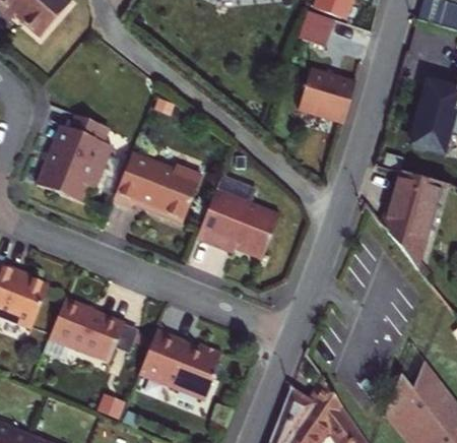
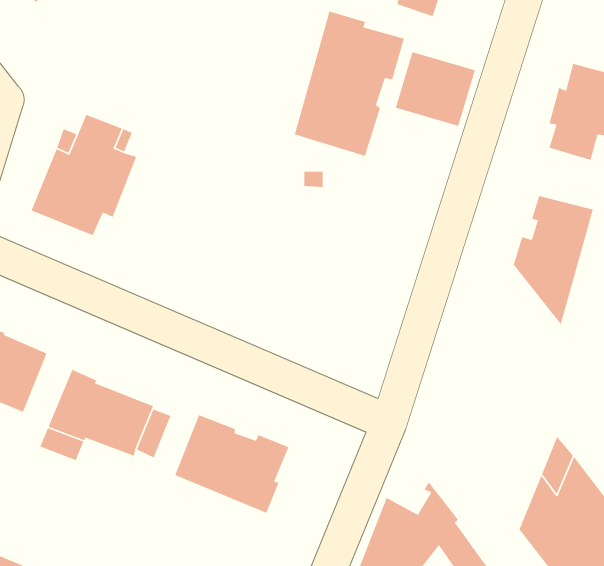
building: none -> [294,11,405,157]
building: [113,153,201,224] -> none
building: [197,189,280,258] -> none

